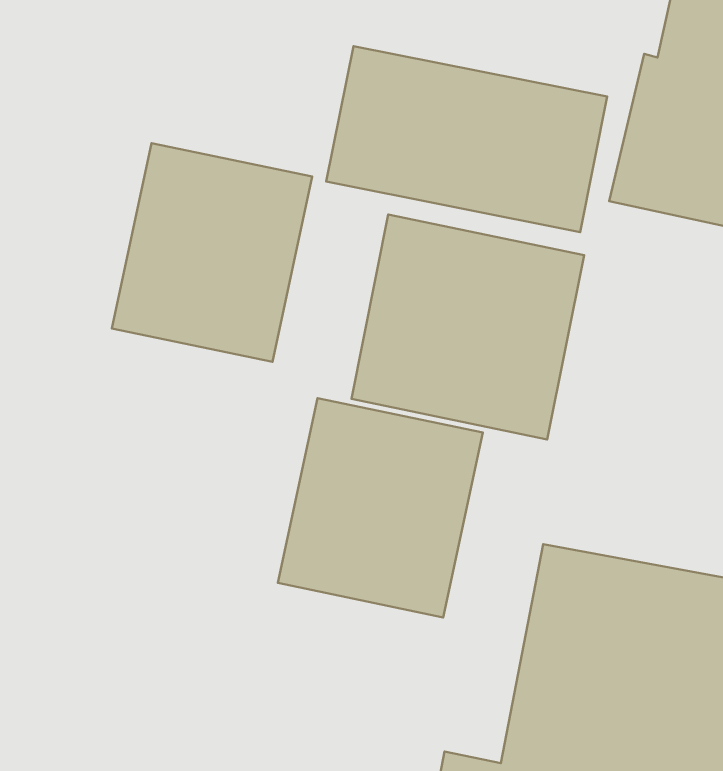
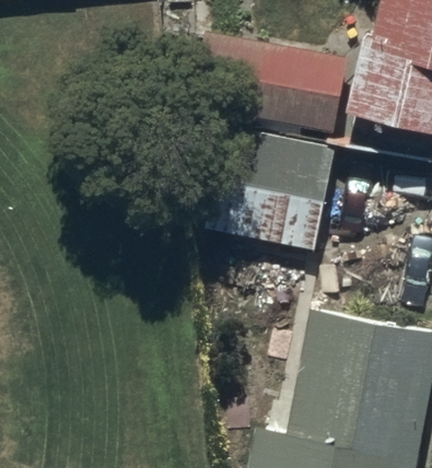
building: [112,143,312,362] -> none
building: [278,398,483,617] -> none

